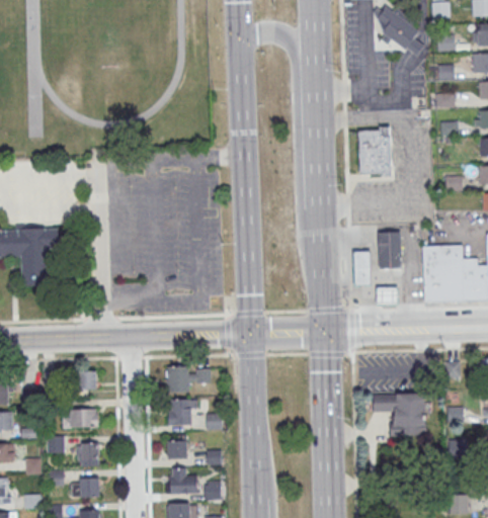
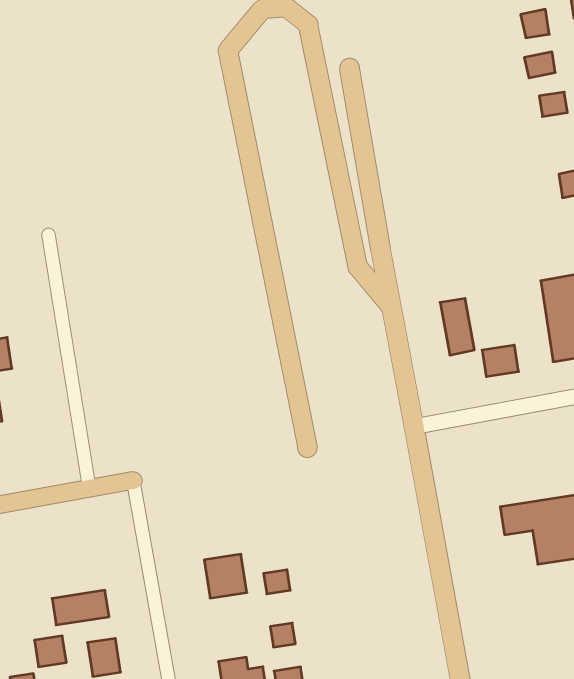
building: [358,126,392,175] -> none
building: [378,231,402,268] -> none
building: [167,367,211,393] -> none
building: [77,370,97,390] -> none
building: [167,439,186,458] -> none

